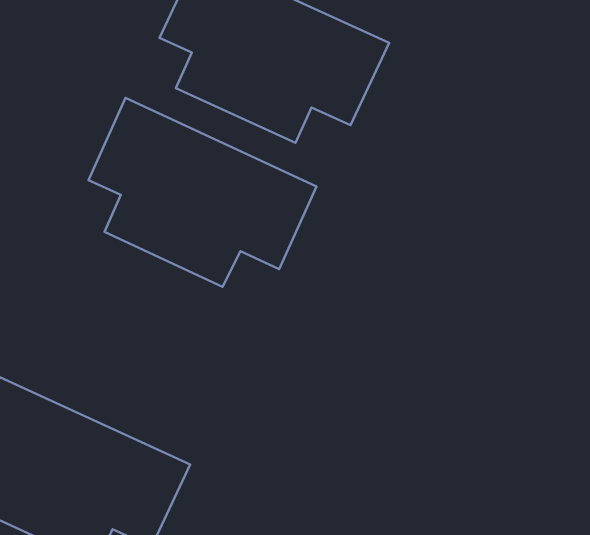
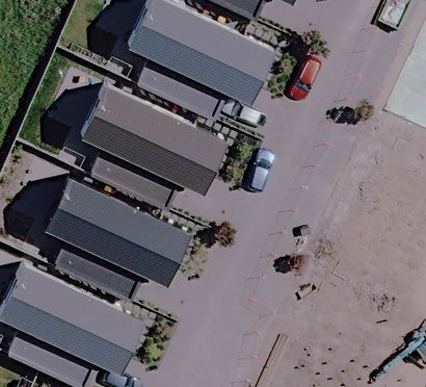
building: none -> [44,178,191,300]

